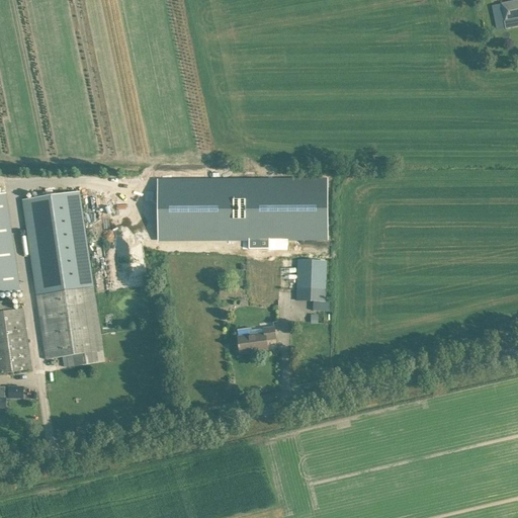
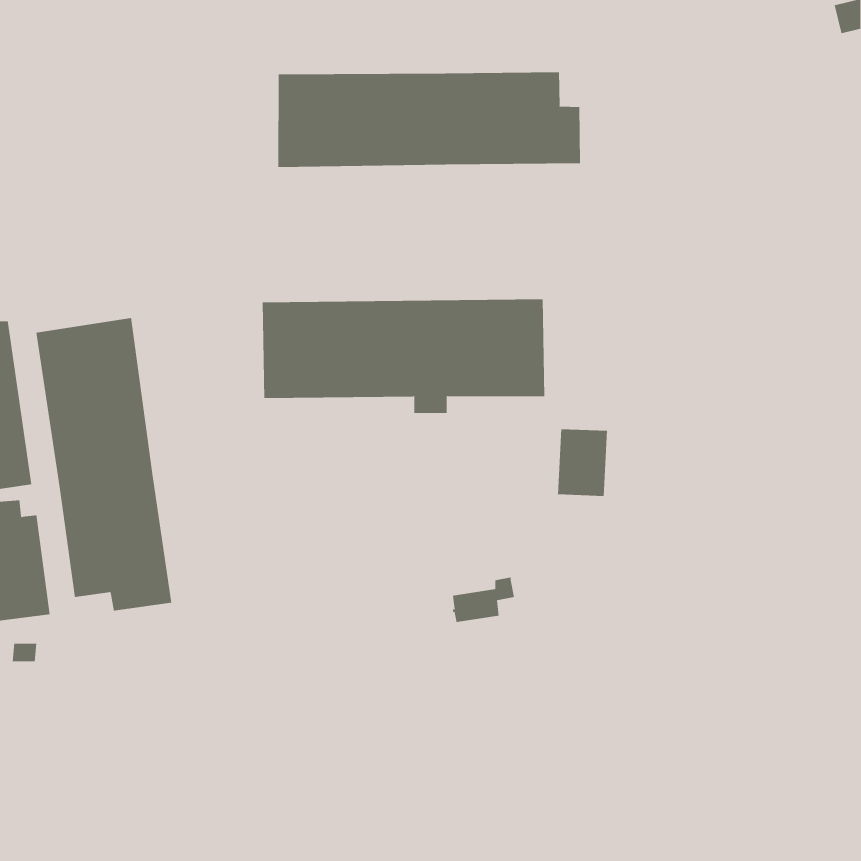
building: none -> [278,71,581,168]
building: [295,260,326,300] -> [557,429,608,496]
building: [238,326,275,353] -> [452,577,515,623]

